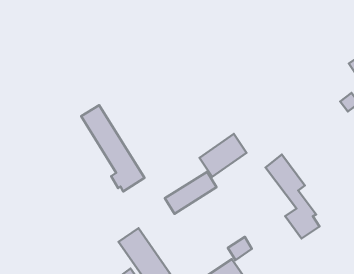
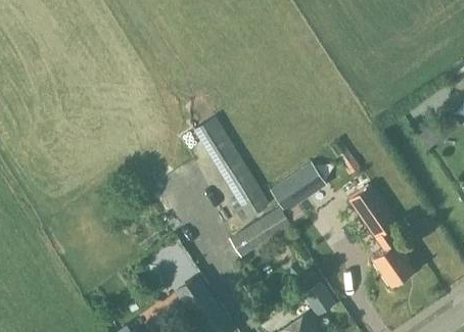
building: [81,105,145,192] -> [193,116,269,220]

